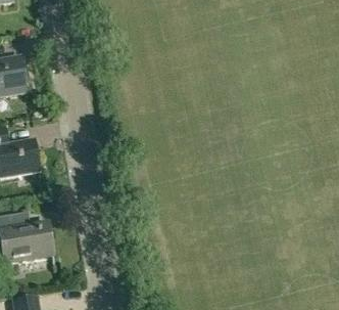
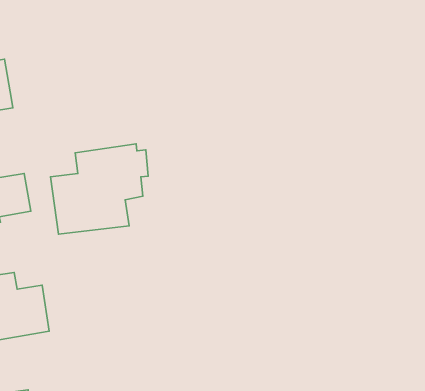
building: none -> [51,144,148,234]

